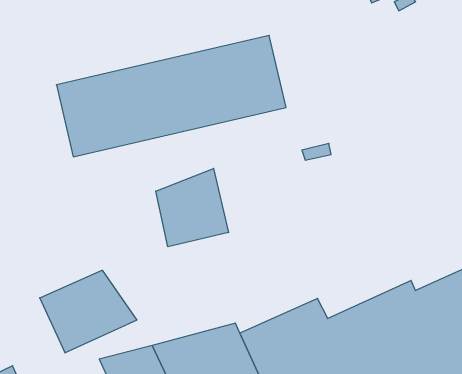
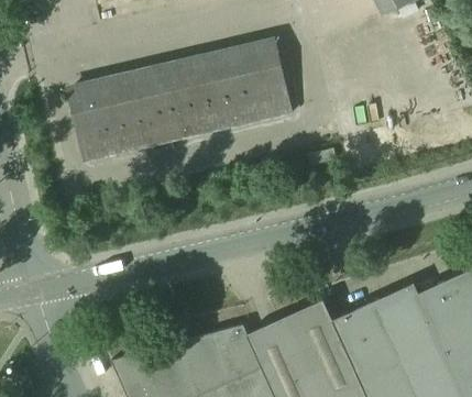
building: [156,168,229,247] -> none
building: [40,270,137,353] -> none

